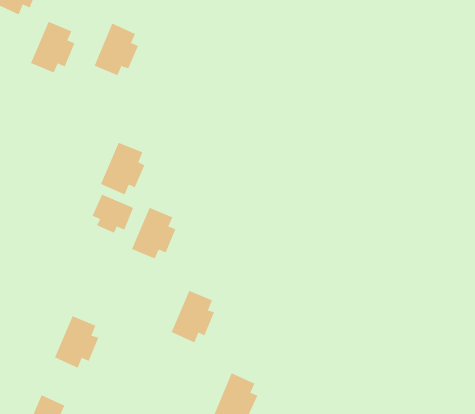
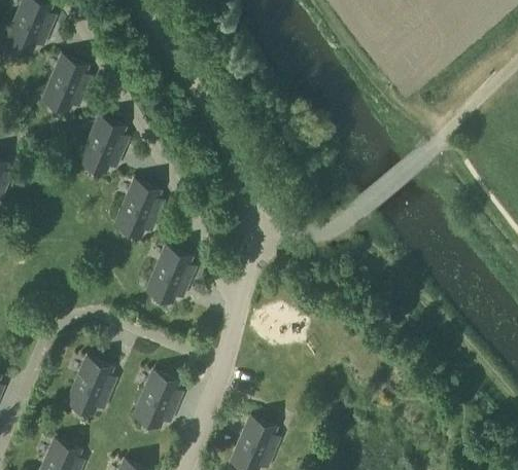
building: [94,23,139,76] -> [79,117,126,172]
building: [92,194,134,234] -> none
building: [171,290,215,343] -> [134,372,179,427]

